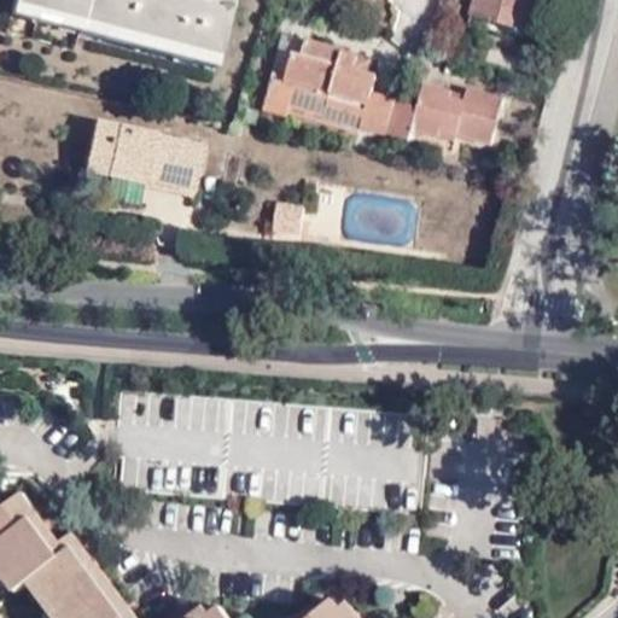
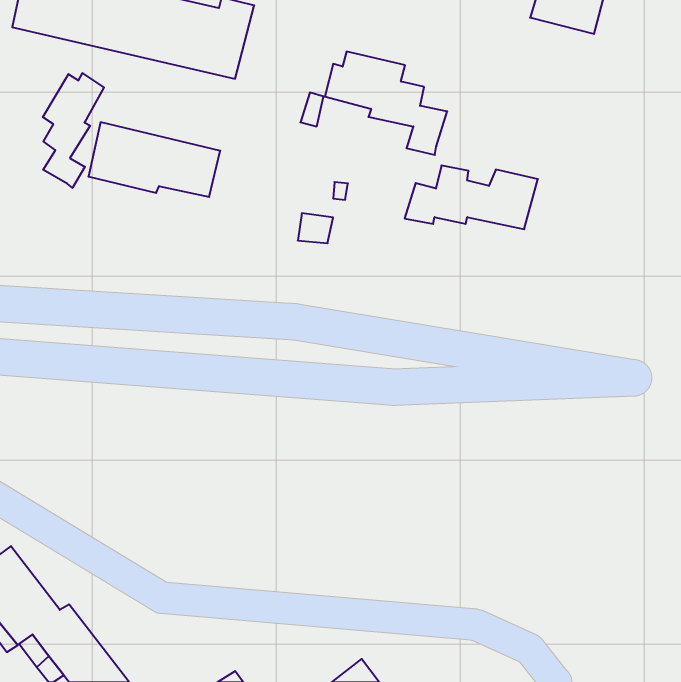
building: none -> [43,73,104,188]
building: [387,83,506,140] -> [405,165,538,229]

